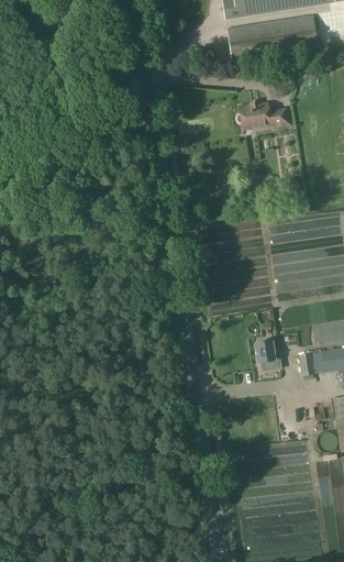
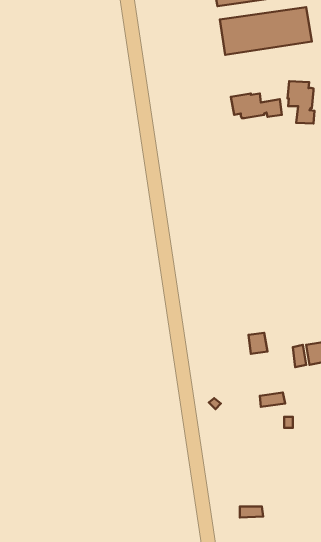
building: none -> [287,81,315,123]

